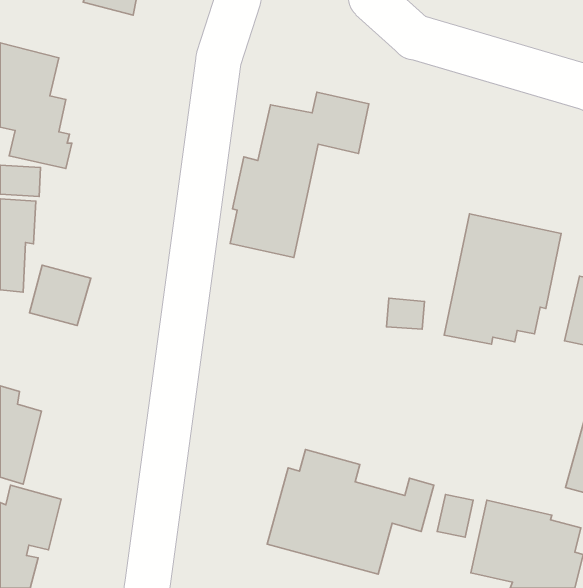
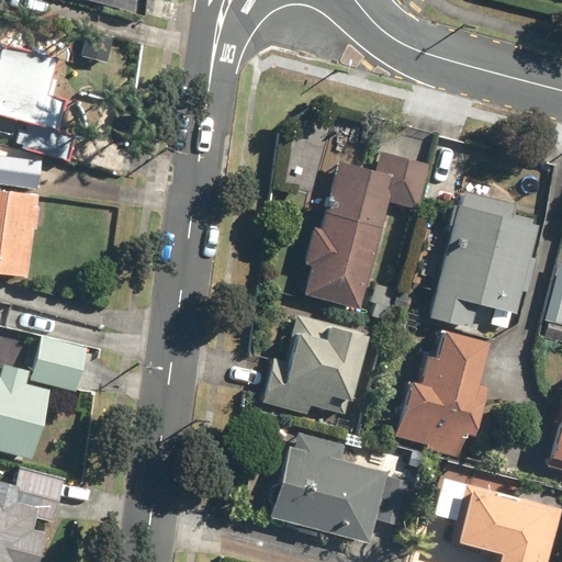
building: [230,92,369,257] -> [301,153,432,310]
building: [30,265,91,325] -> [30,335,88,392]
building: none -> [263,317,364,423]
building: none -> [391,329,484,453]

